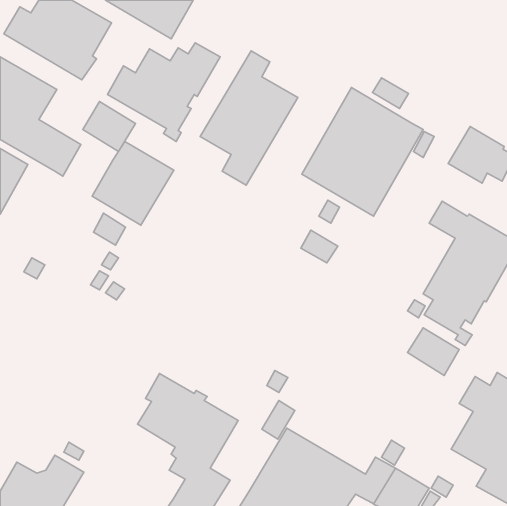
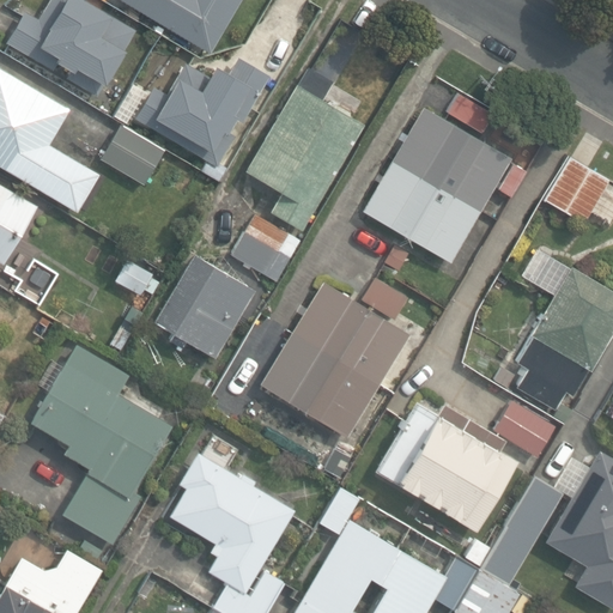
building: [92,141,174,225] -> [157,257,255,358]
building: none -> [230,213,297,278]
building: none -> [262,283,409,438]
building: none -> [30,345,171,546]
building: none -> [378,402,518,530]
building: none -> [478,472,562,582]

